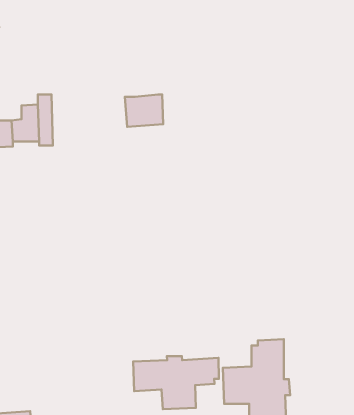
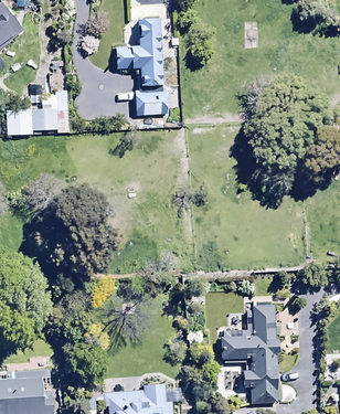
building: none -> [116,17,163,88]
building: [133,356,219,409] -> none

